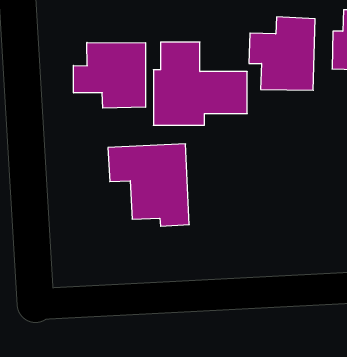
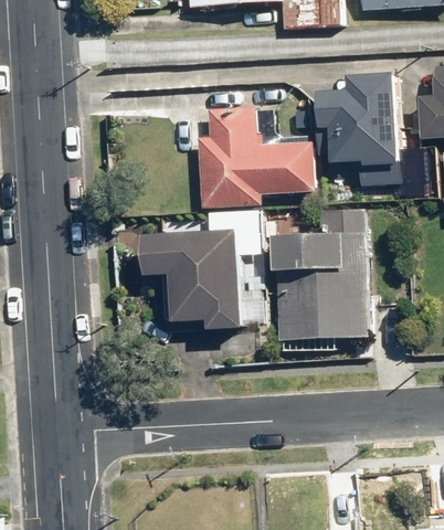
building: [73,42,146,108] -> none
building: none -> [268,206,369,339]

